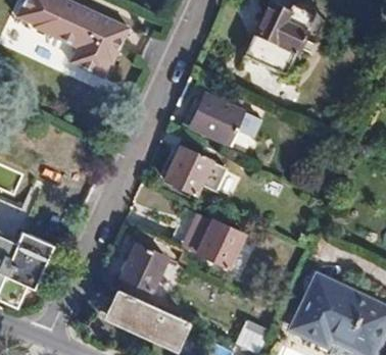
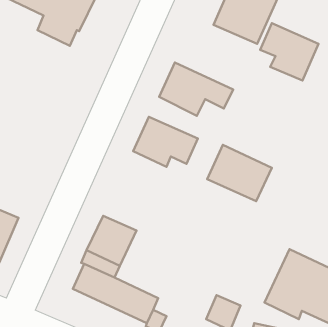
building: none -> [260,23,319,81]
building: [181,212,244,267] -> [207,145,272,201]

